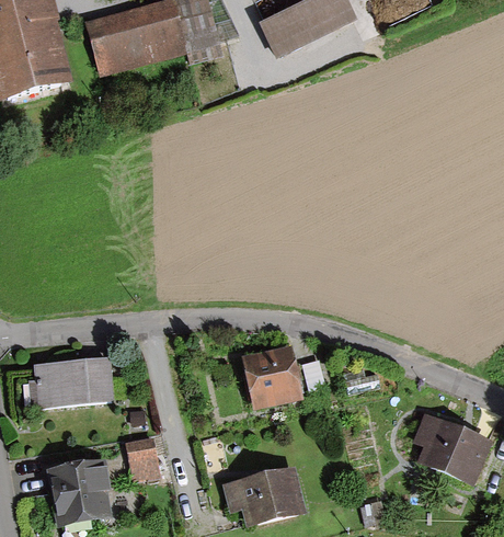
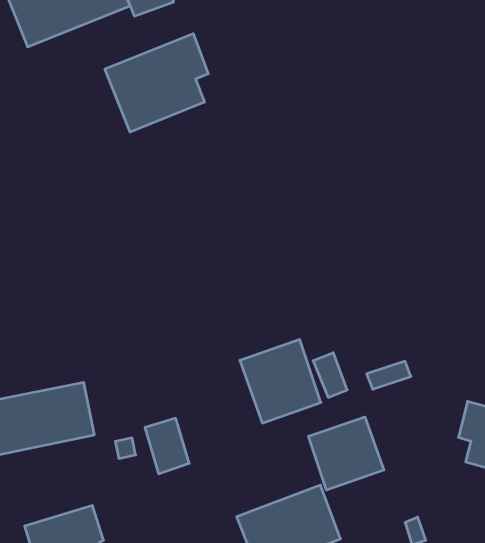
building: none -> [105,34,208,132]
building: none -> [309,417,384,490]
building: [126,437,159,481] -> [145,418,189,474]

